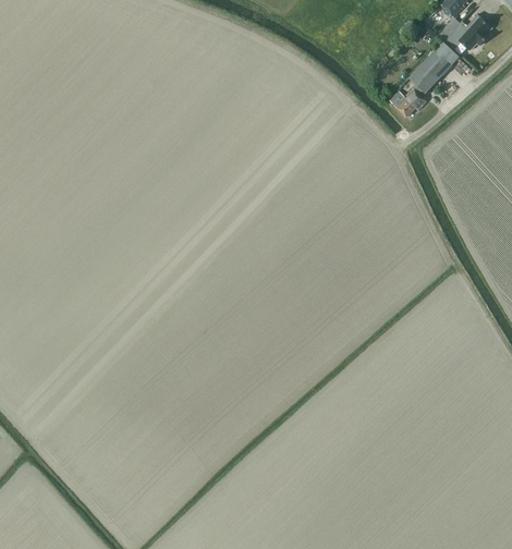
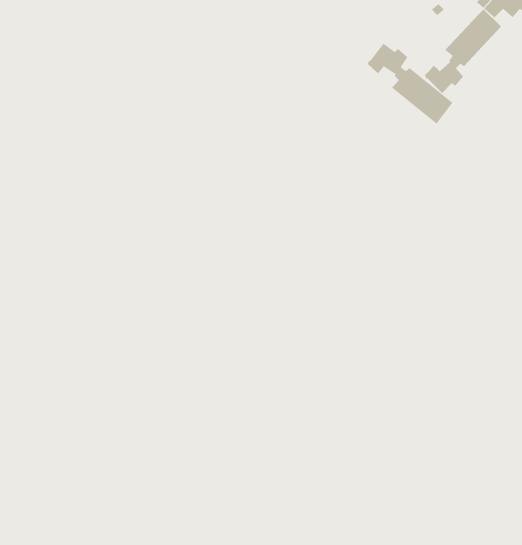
building: none -> [367,43,453,124]

